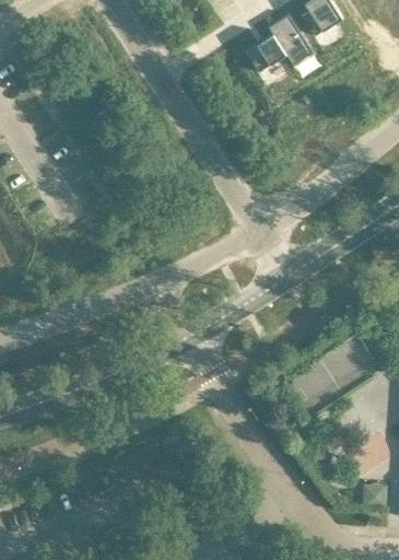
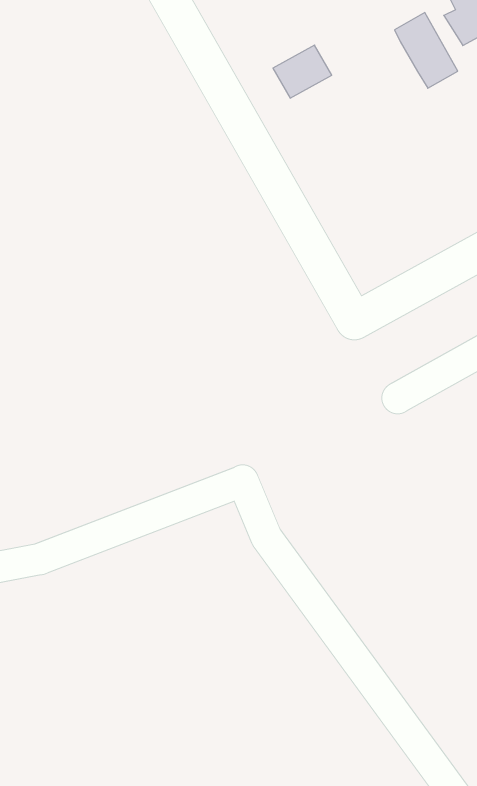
building: [249,32,290,69] -> [273,45,332,98]

